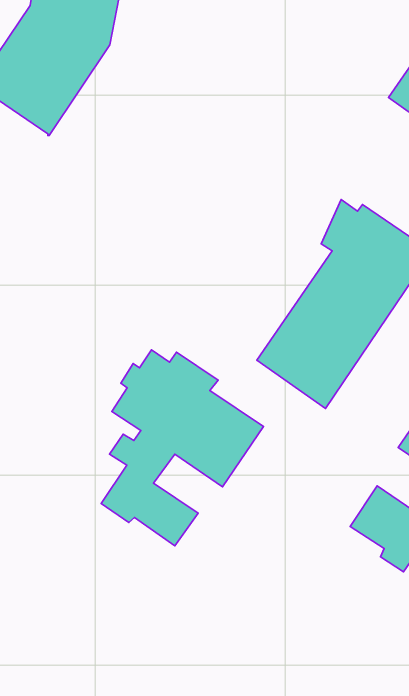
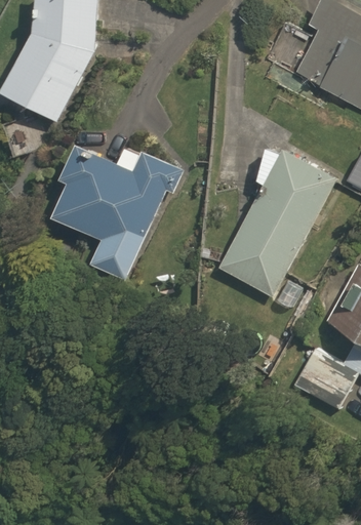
building: none -> [53,145,184,280]
building: [101,350,263,546] -> none

